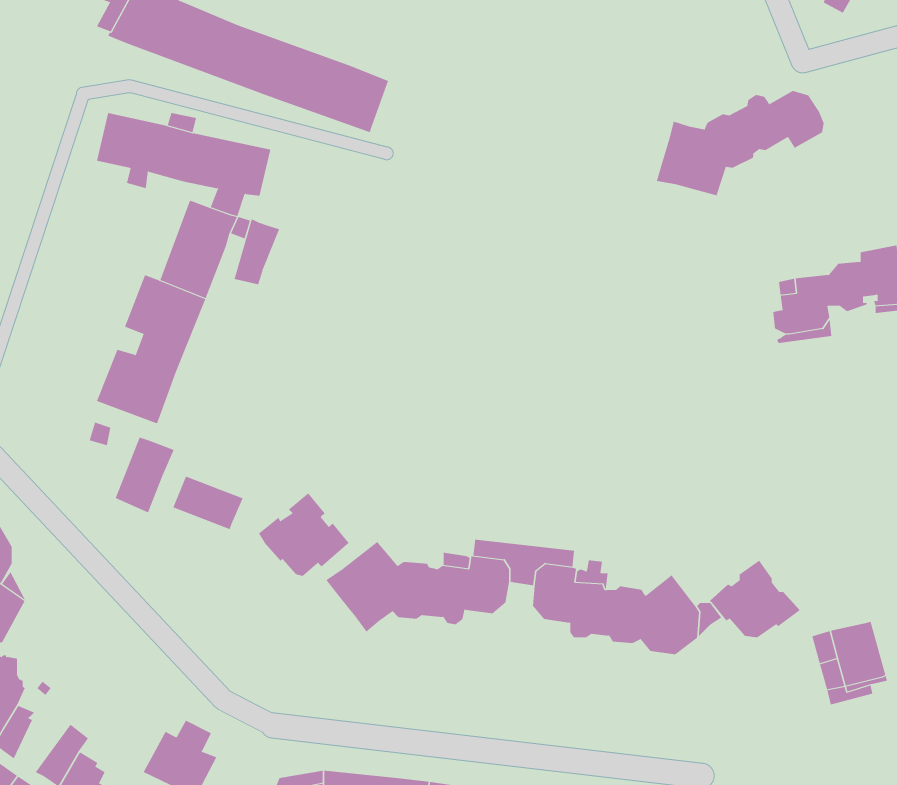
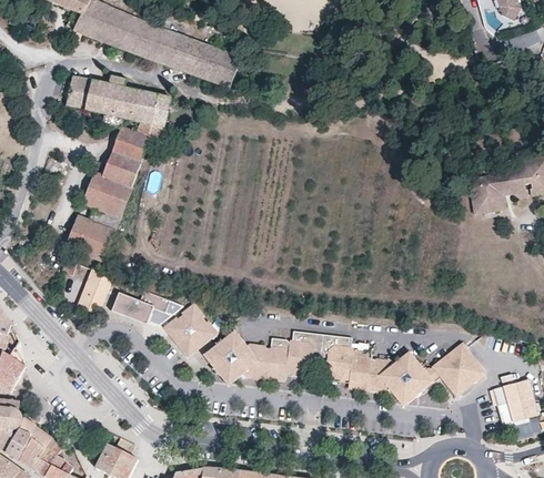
building: [656,90,824,196] -> none
building: [234,218,280,285] -> none
building: none -> [139,289,182,324]
building: none -> [17,418,50,468]

